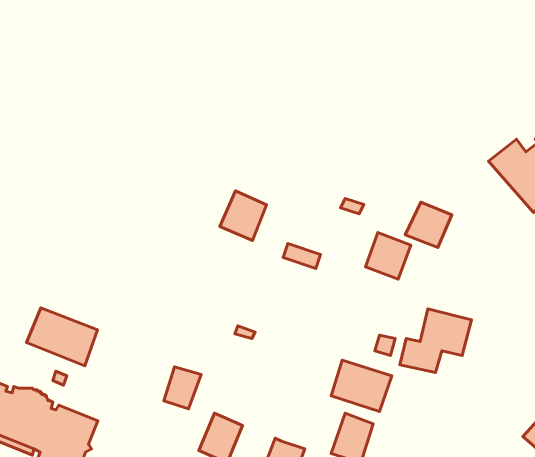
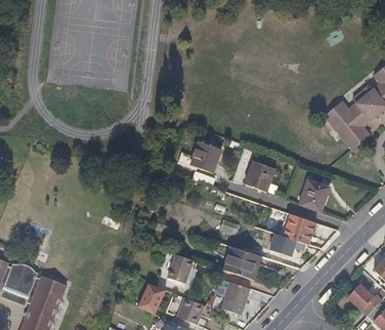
building: [220,191,267,241] -> [189,139,220,172]
building: [405,202,452,247] -> [298,179,329,209]
building: [27,308,98,366] -> none
building: [164,367,201,409] -> [168,254,192,282]

